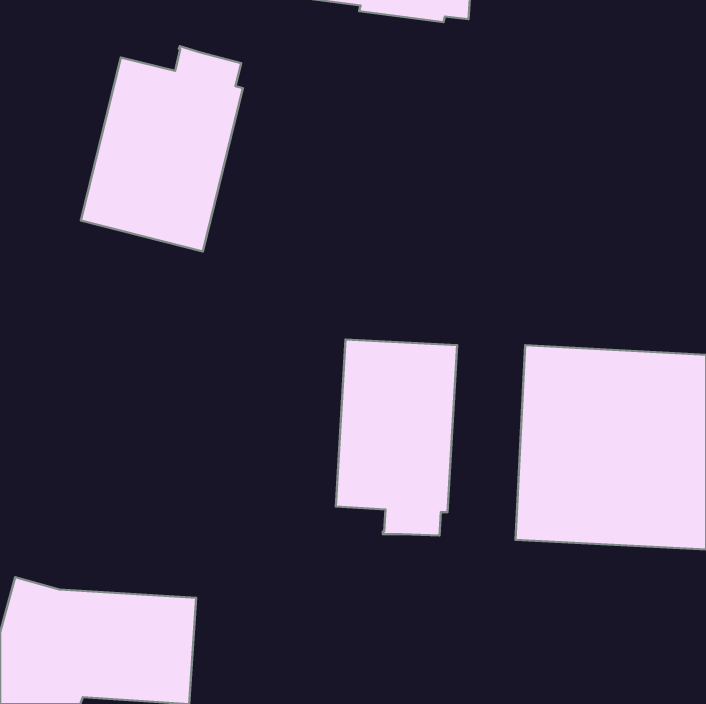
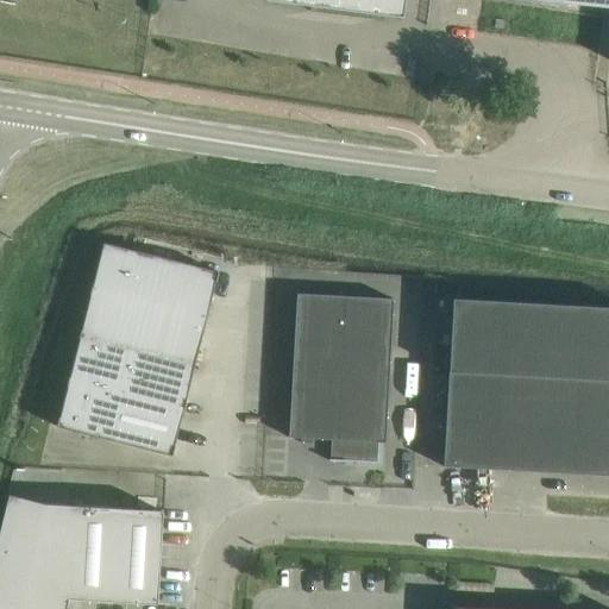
building: [81,46,243,251] -> none
building: none -> [57,243,218,454]

